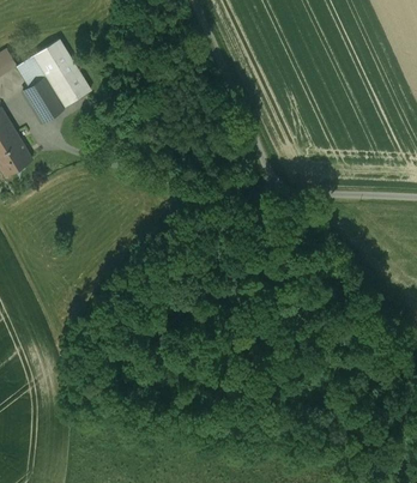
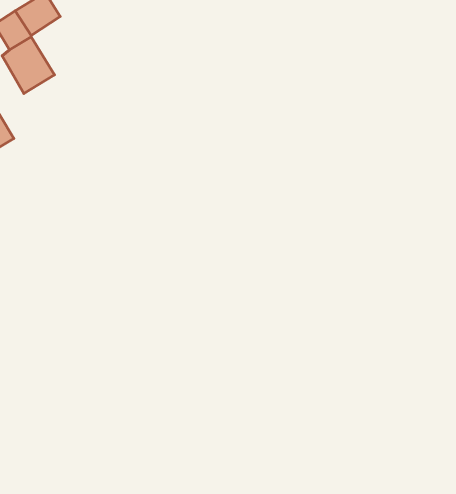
building: [47,60,91,108] -> none

